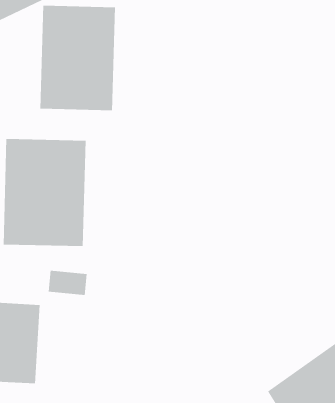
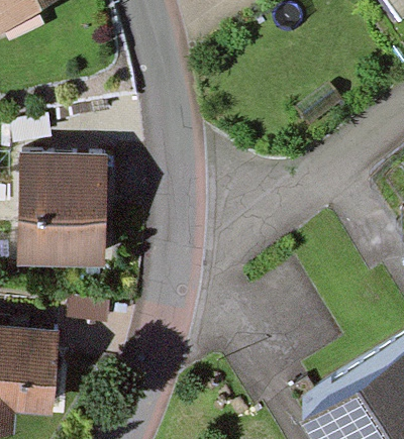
building: [40,5,115,111] -> none

